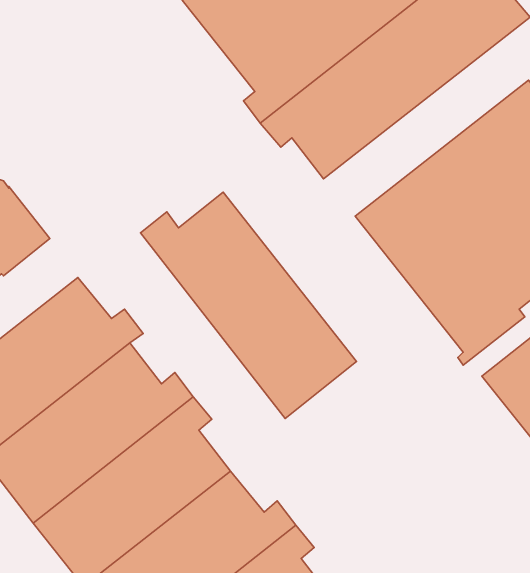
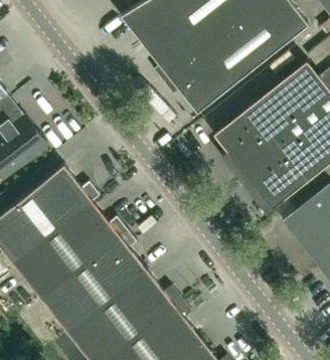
building: [141,192,356,418] -> none

